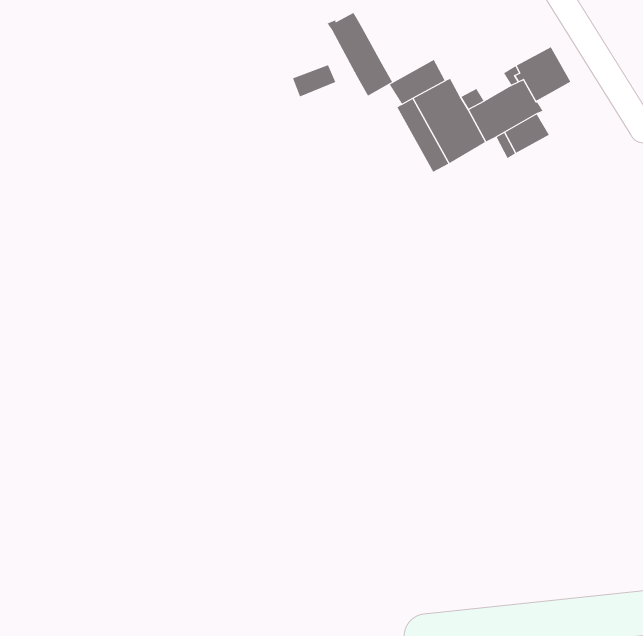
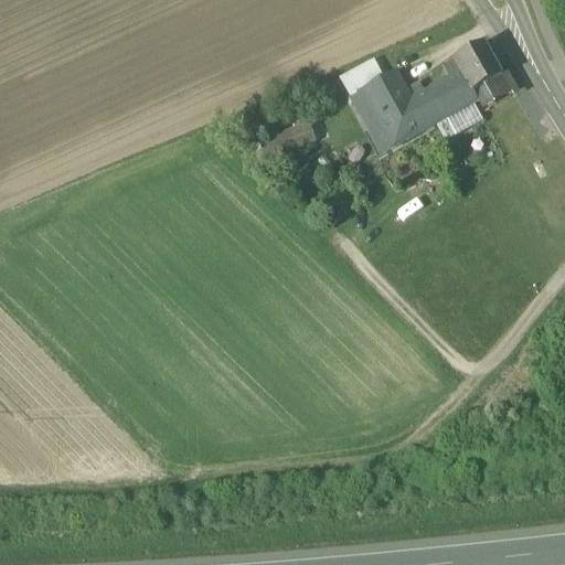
building: [327,12,393,96] -> none
building: [292,64,336,97] -> [276,120,315,149]
building: none -> [471,68,520,106]

